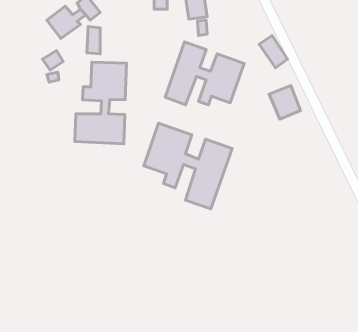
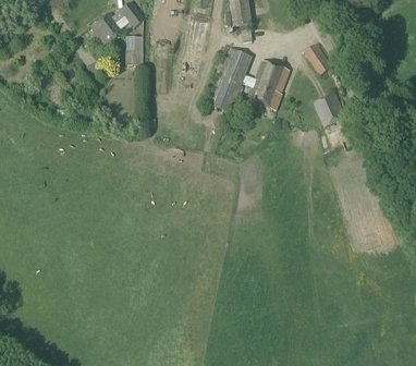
building: [75,62,127,144] -> none
building: [144,123,232,209] -> none

